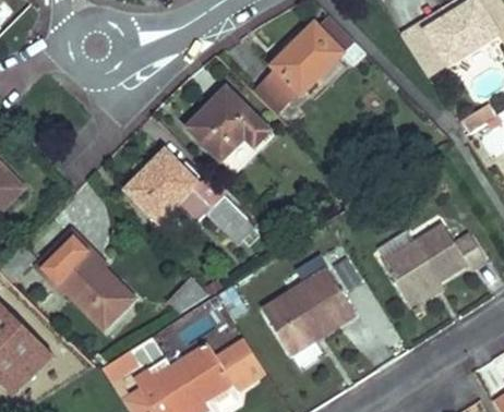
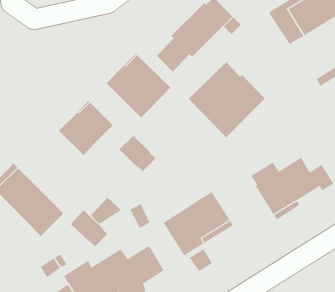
building: none -> [188,61,266,138]
building: [177,174,226,223] -> none
building: none -> [70,209,108,247]

